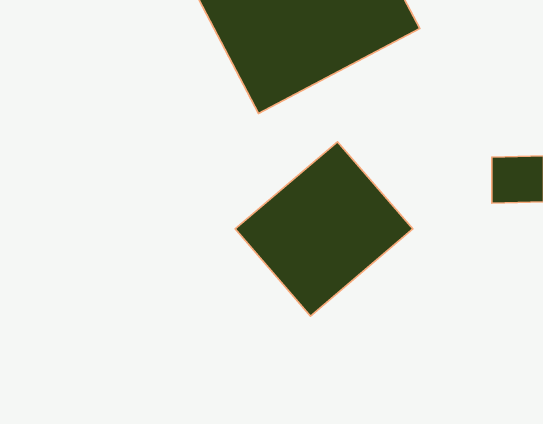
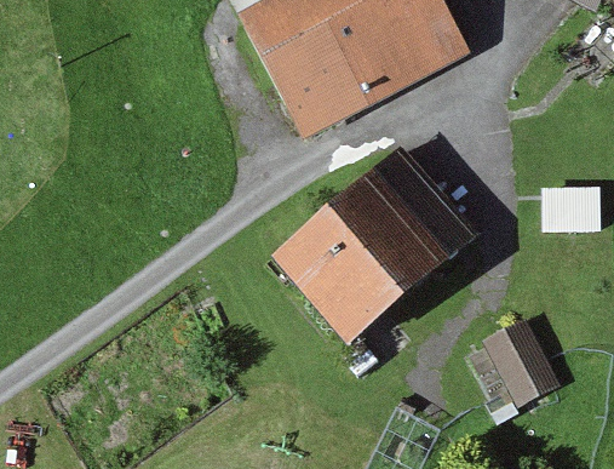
building: none -> [471,308,558,406]

